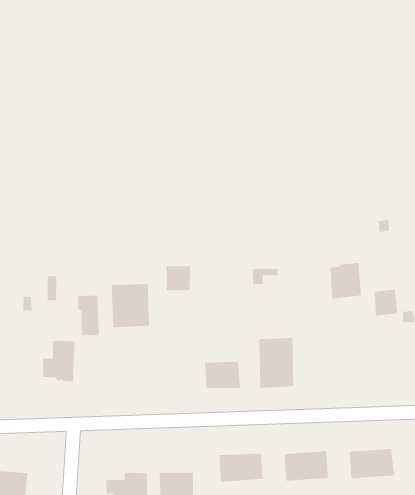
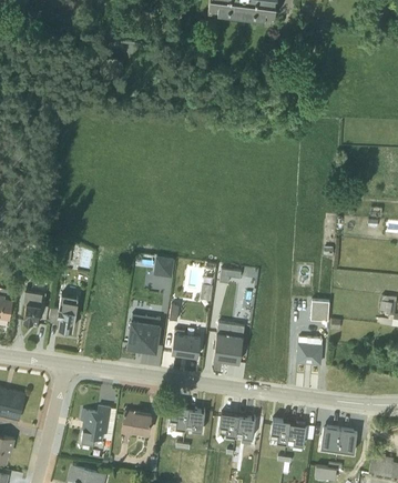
building: [329,263,362,299] -> [297,336,323,363]
building: [111,284,150,328] -> [127,314,161,351]
building: [77,295,100,336] -> [23,292,42,325]

